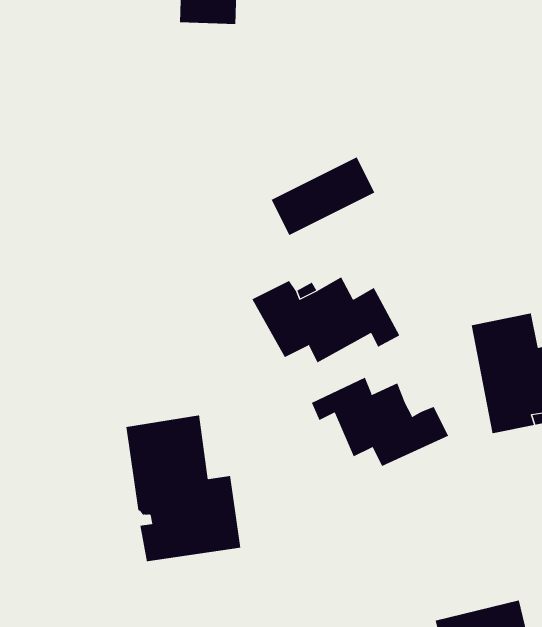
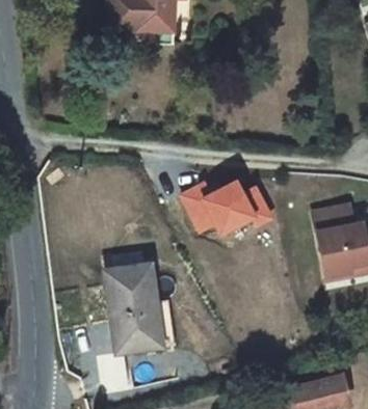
building: [271,156,375,236] -> none
building: [311,377,449,467] -> none

